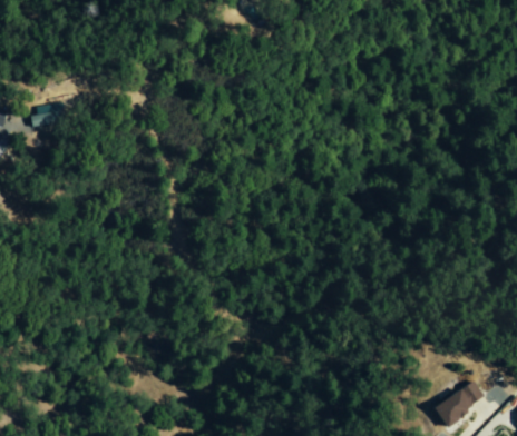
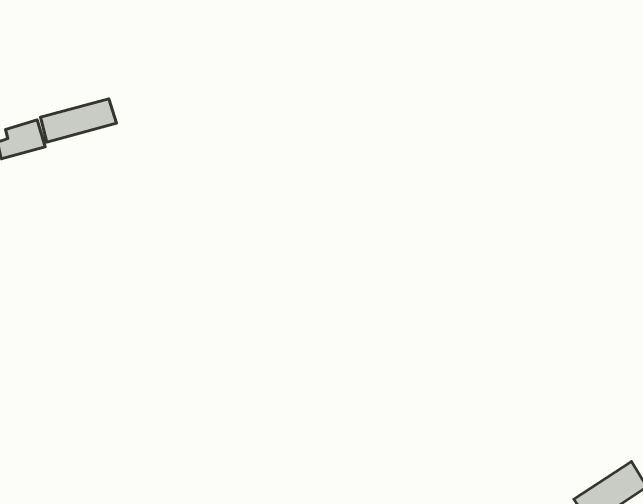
building: none -> [41,99,116,142]

